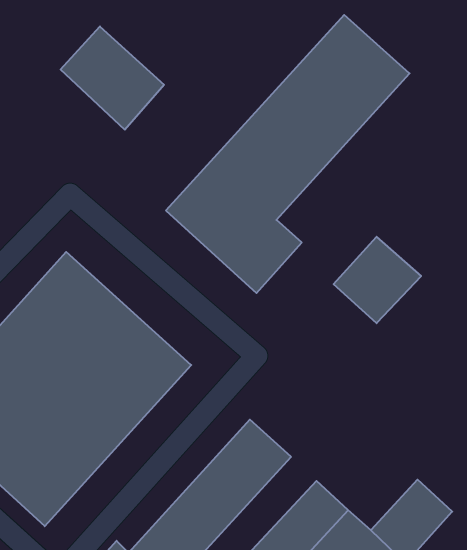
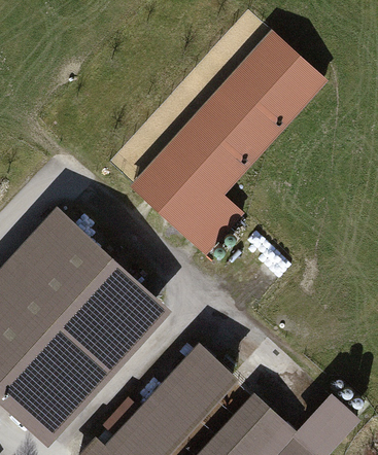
building: [61,26,164,130] -> none
building: [334,237,421,323] -> none

